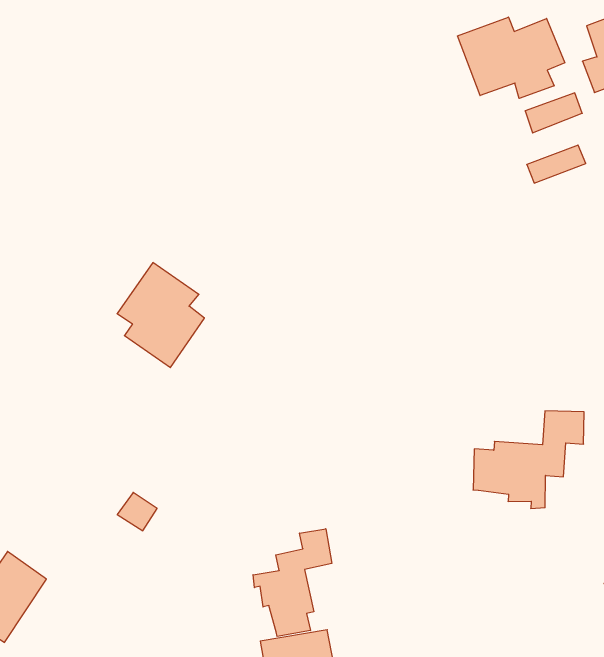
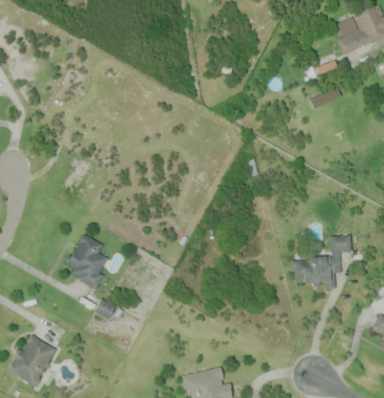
building: [457,17,565,98] -> none
building: [117,263,204,368] -> [64,232,113,290]
building: [253,529,332,636] -> none

